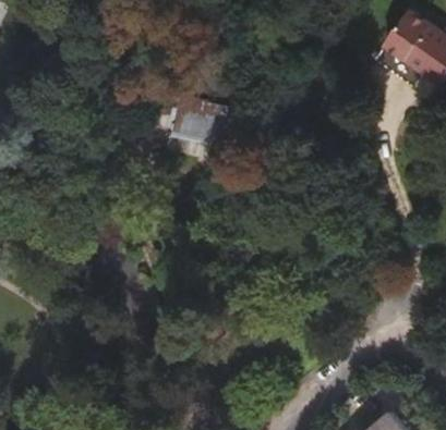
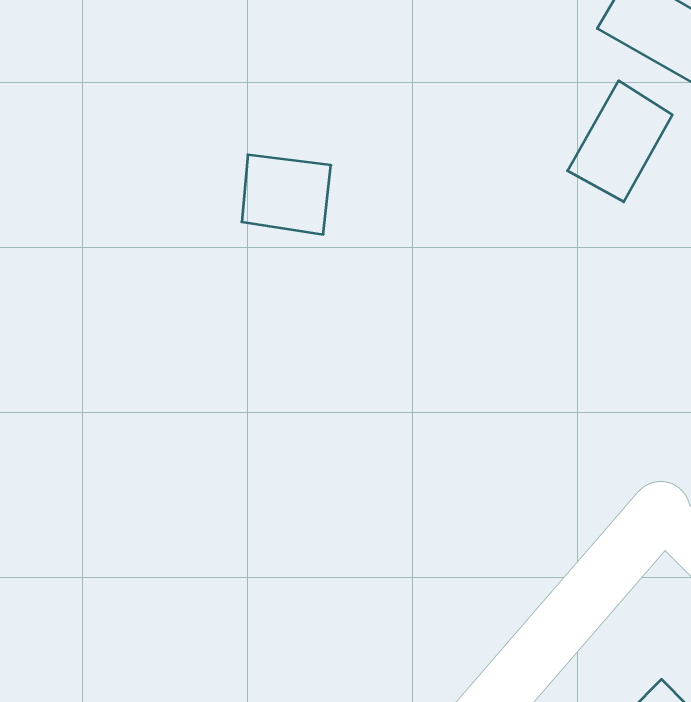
building: none -> [567,81,672,202]

